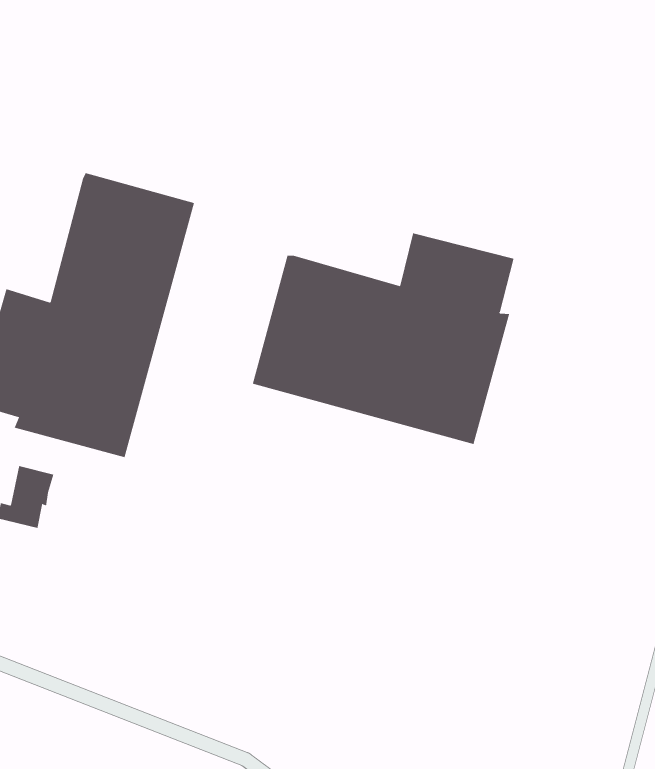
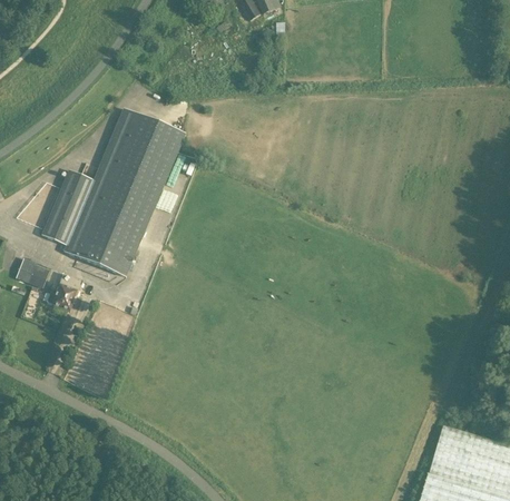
building: [252,233,514,445] -> none

